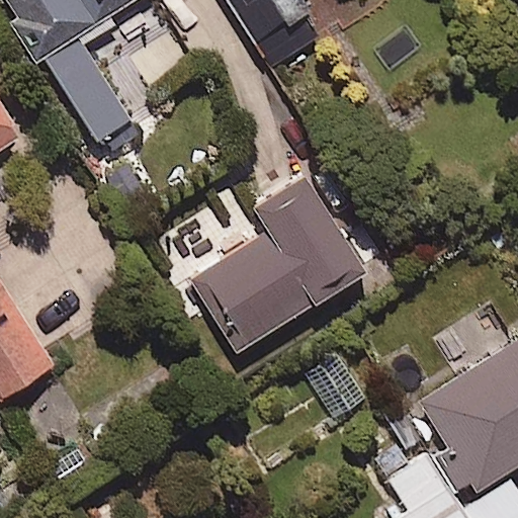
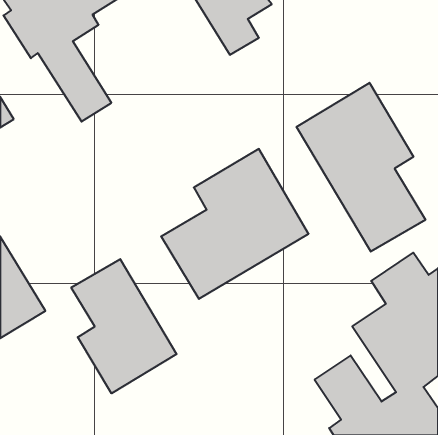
building: none -> [297,83,425,252]
building: none -> [71,259,177,393]

